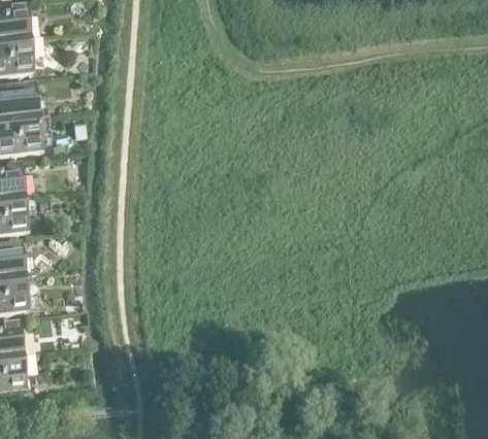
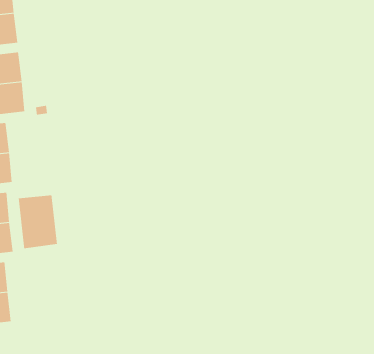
building: none -> [18,194,57,249]

